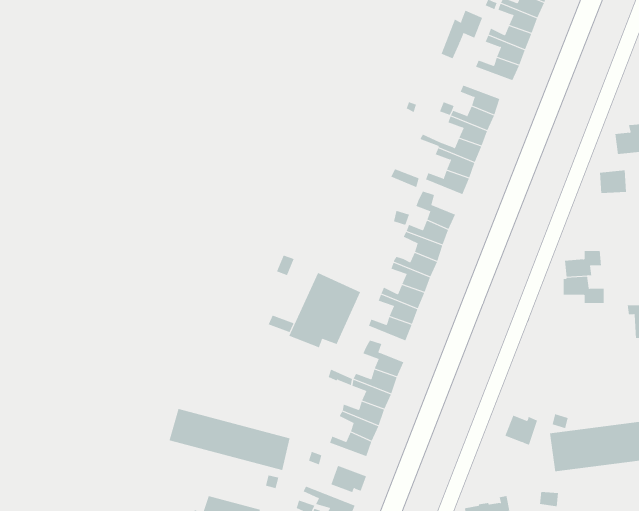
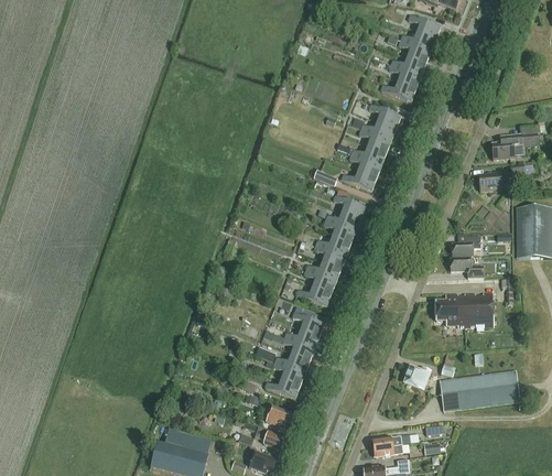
building: [441,10,483,59] -> none
building: [289,272,361,348] -> none
building: none -> [434,292,493,326]
building: [169,408,290,471] -> none

